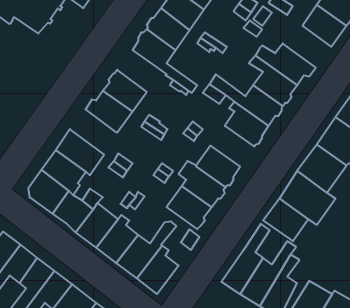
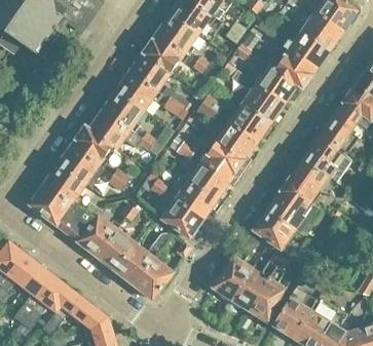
building: none -> [274,45,315,87]
building: none -> [115,71,161,110]
building: none -> [71,125,113,168]
building: none -> [202,142,244,180]

